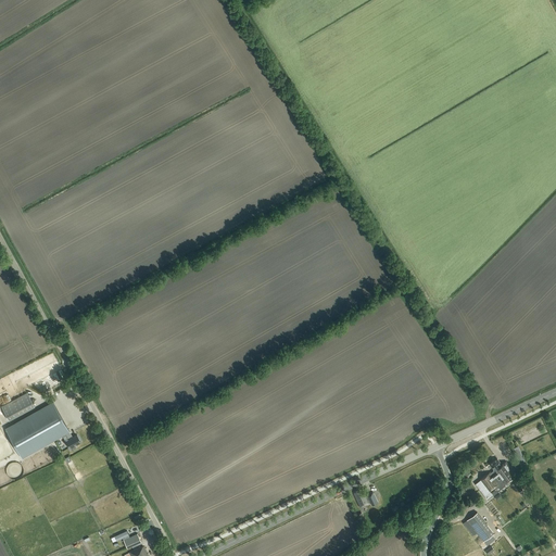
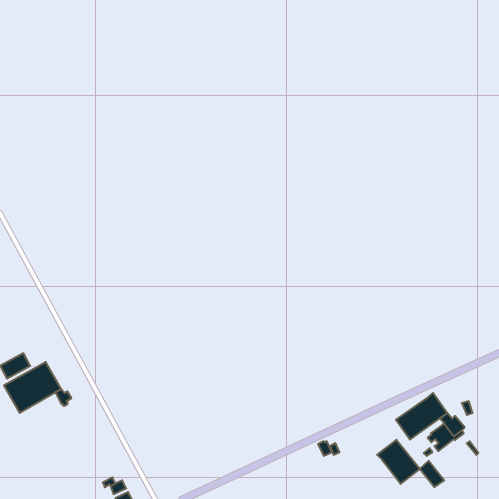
building: none -> [396,393,447,440]
building: none -> [377,440,420,484]

